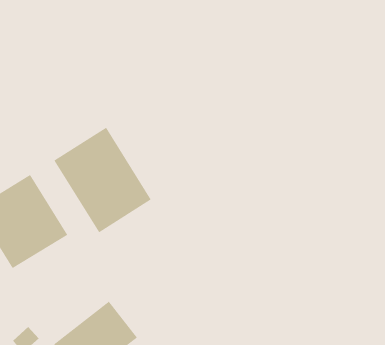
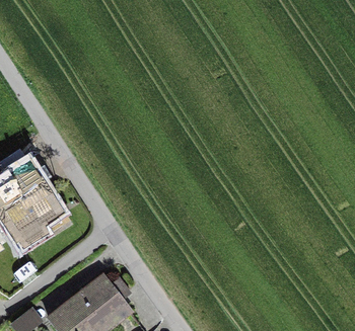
building: [54,127,152,233] -> none

